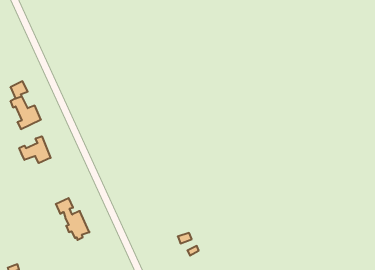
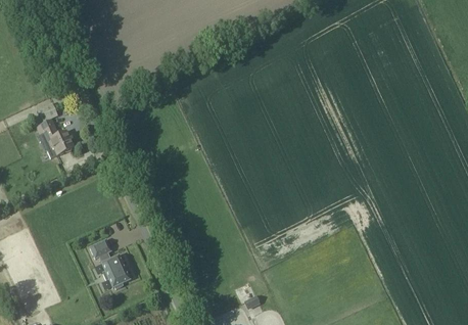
building: [19,136,51,163] -> none

